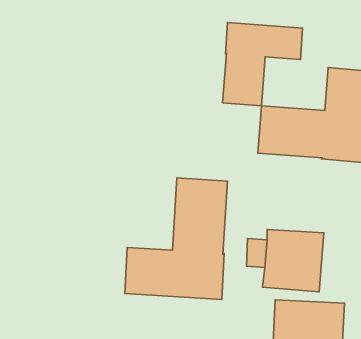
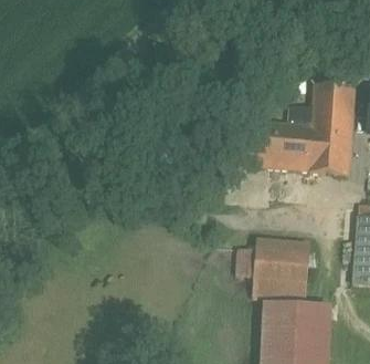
building: [222,23,302,106] -> none
building: [125,178,227,299] -> none

